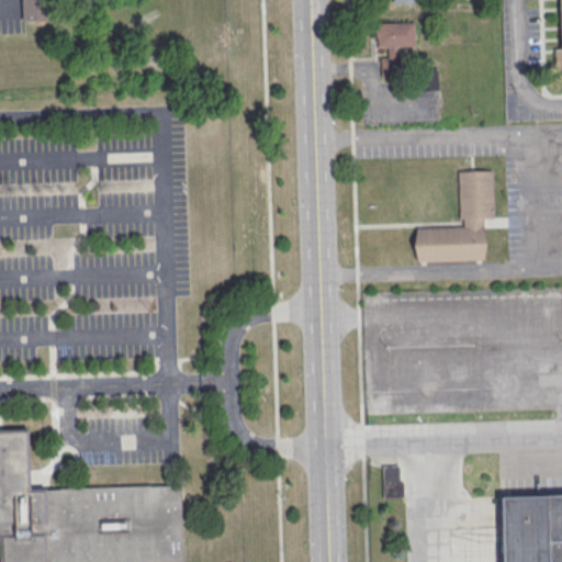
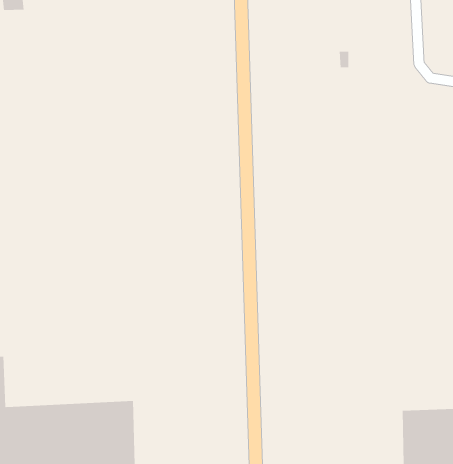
building: [374,22,414,76] -> none
building: [415,170,494,260] -> none

